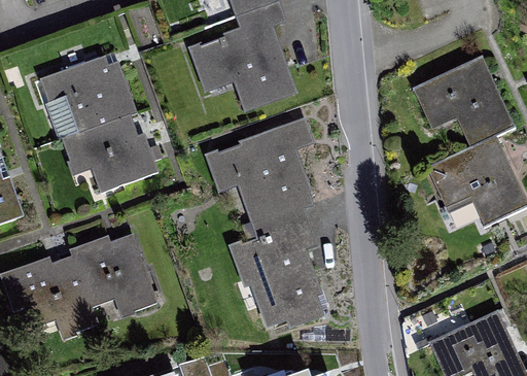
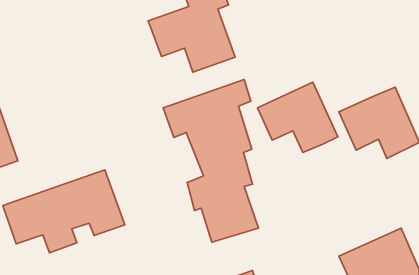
building: [412,54,512,141] -> [257,82,338,153]
building: [40,56,160,201] -> none

